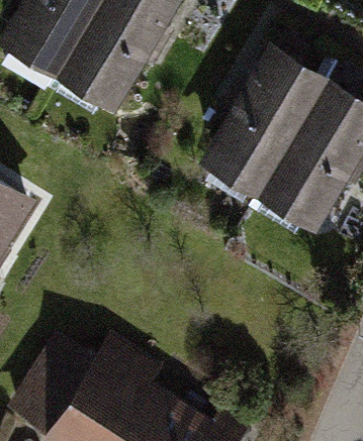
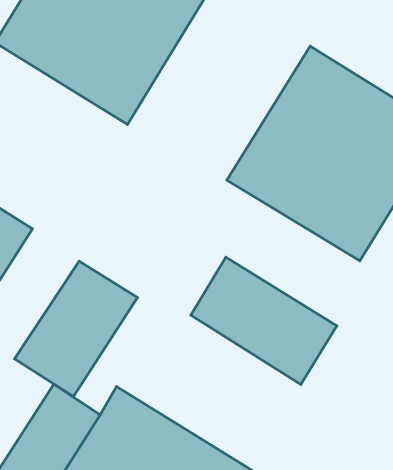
building: none -> [191,257,337,384]
building: none -> [15,261,137,397]

